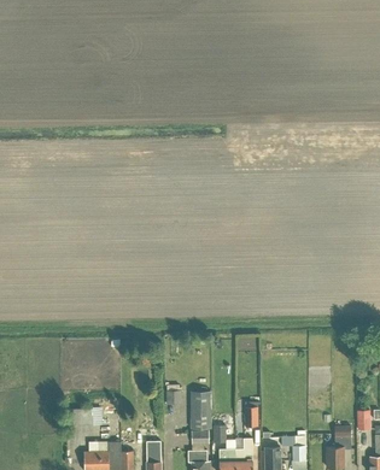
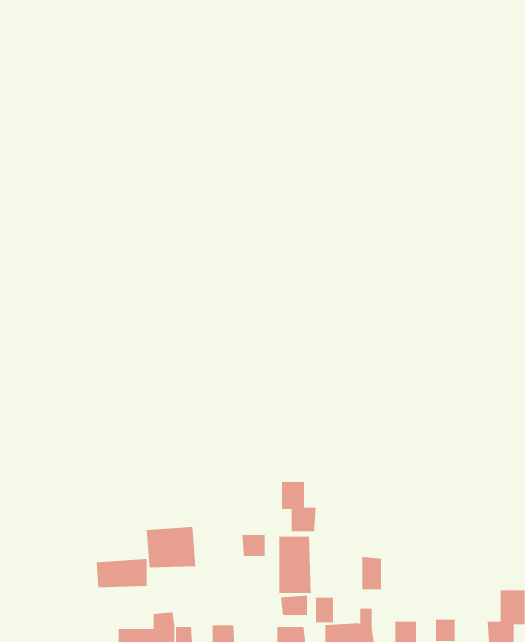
building: none -> [281,481,316,532]
building: none -> [146,526,196,568]

